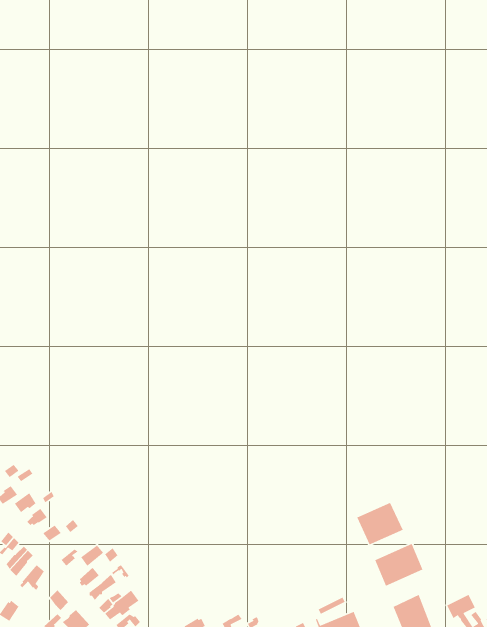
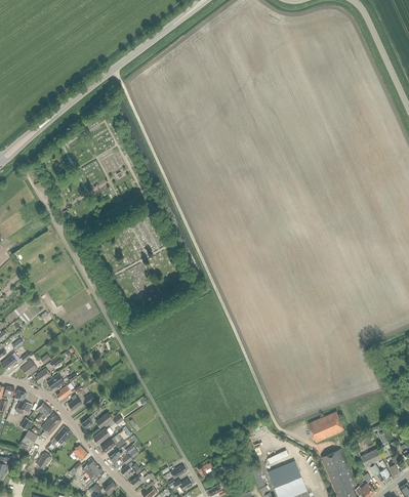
building: [356,502,404,546] -> none

